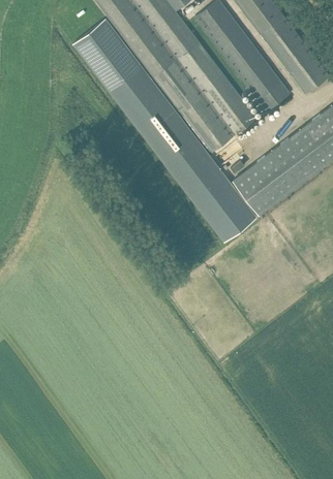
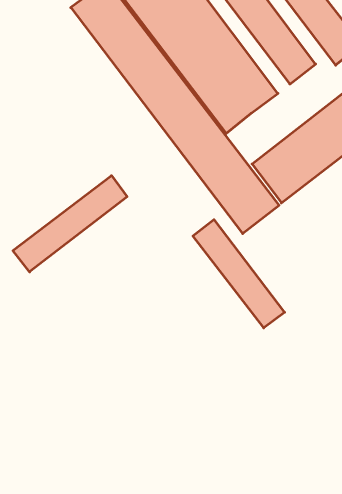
building: none -> [13,176,127,272]
building: none -> [193,220,285,328]

